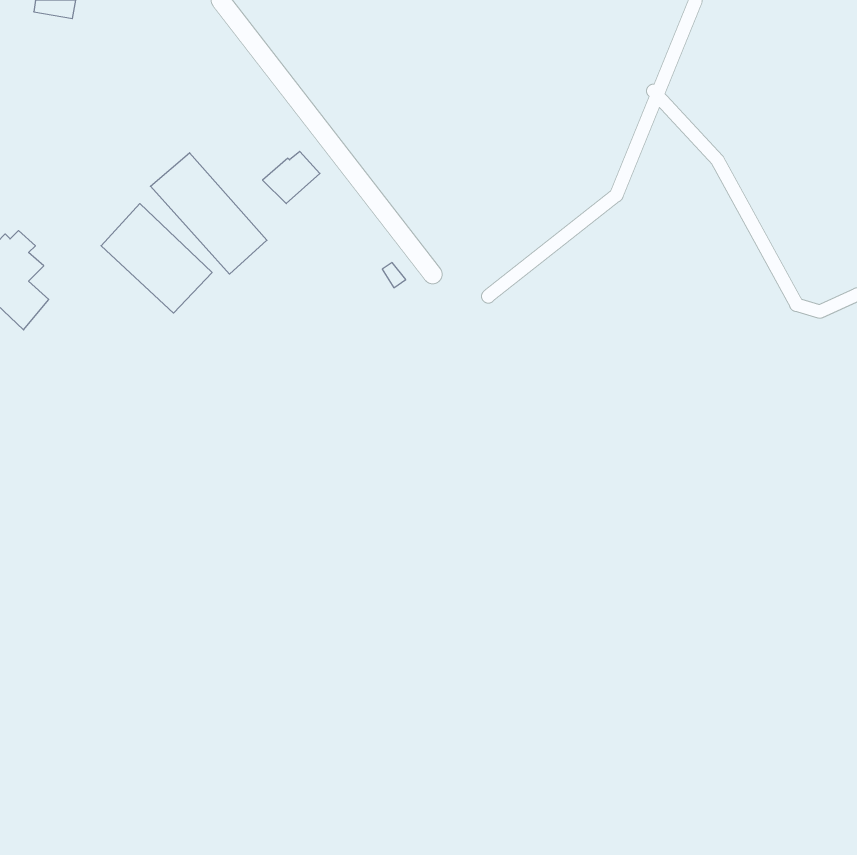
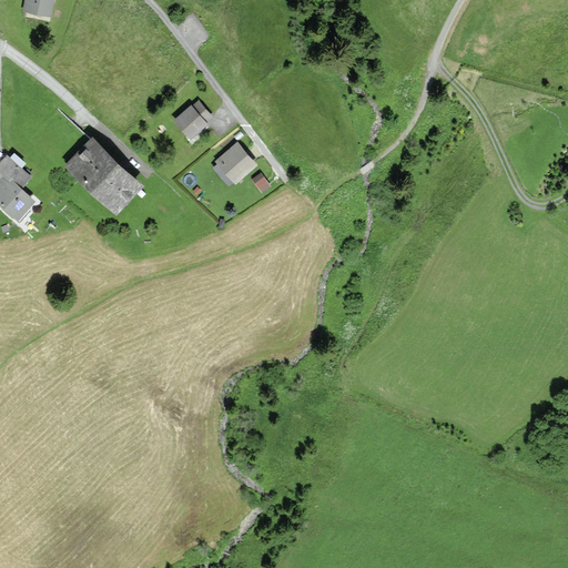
building: [150,153,267,274] -> none
building: none -> [213,144,254,185]

